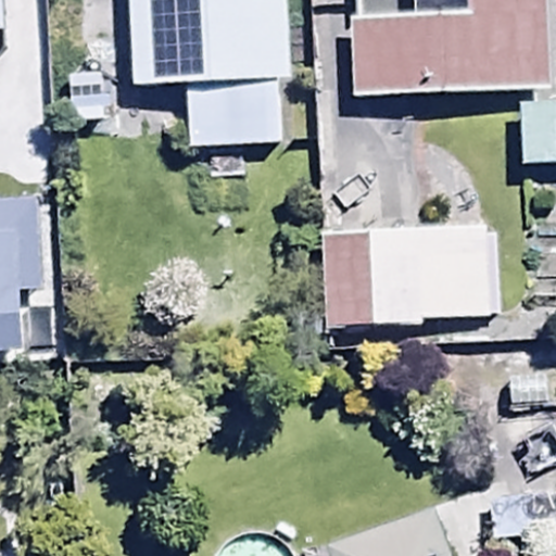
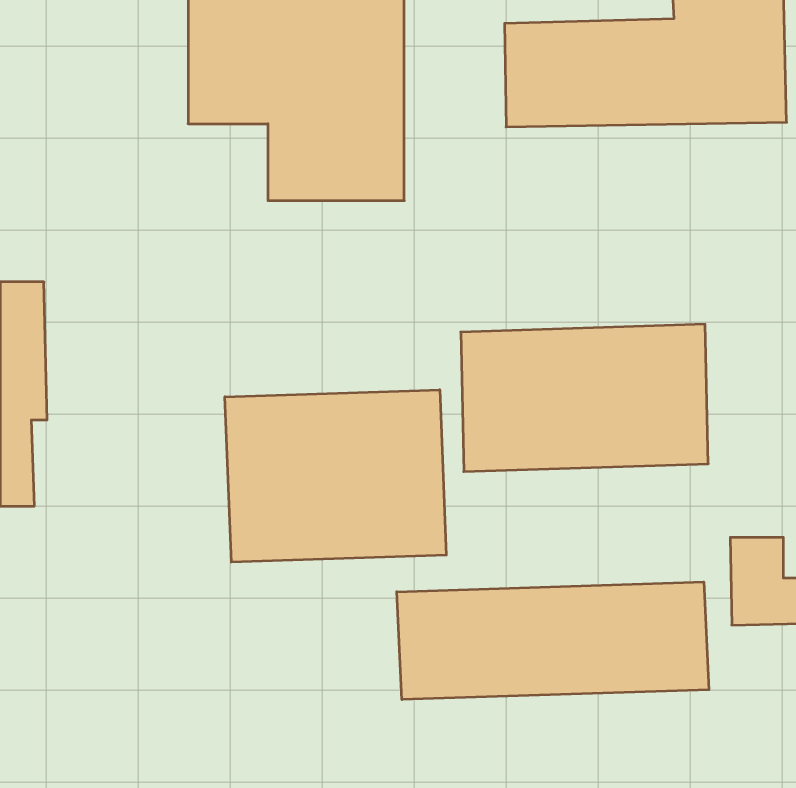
building: none -> [225,390,446,562]
building: none -> [397,582,709,700]

